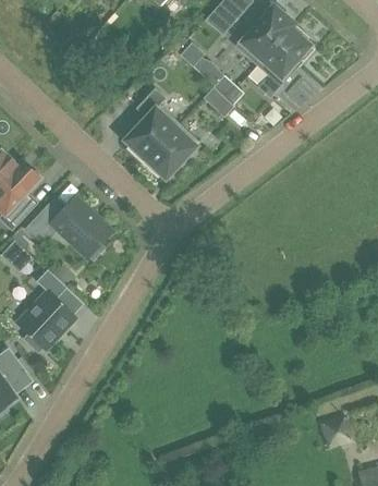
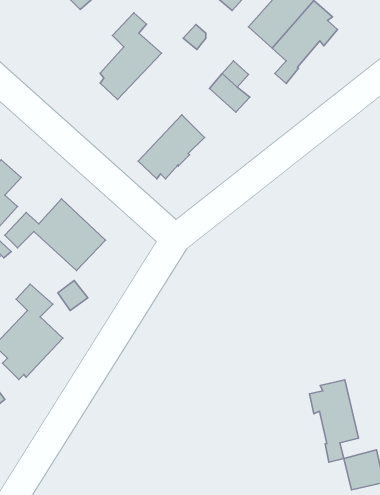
building: [126,87,180,162] -> [100,13,162,100]
building: none -> [309,380,358,462]

